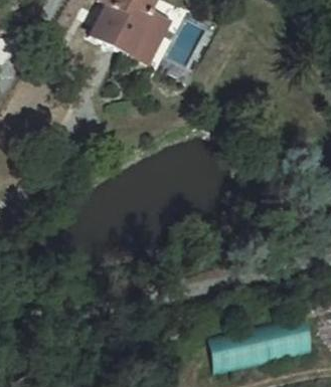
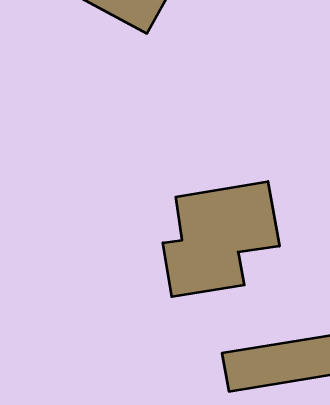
building: none -> [163,181,279,297]

